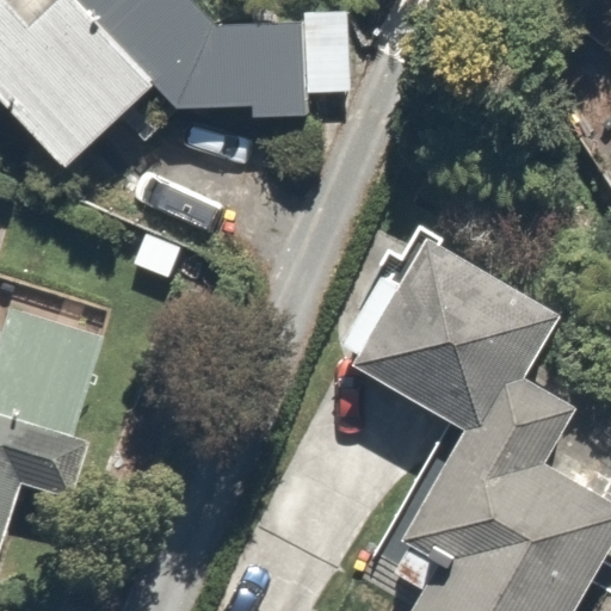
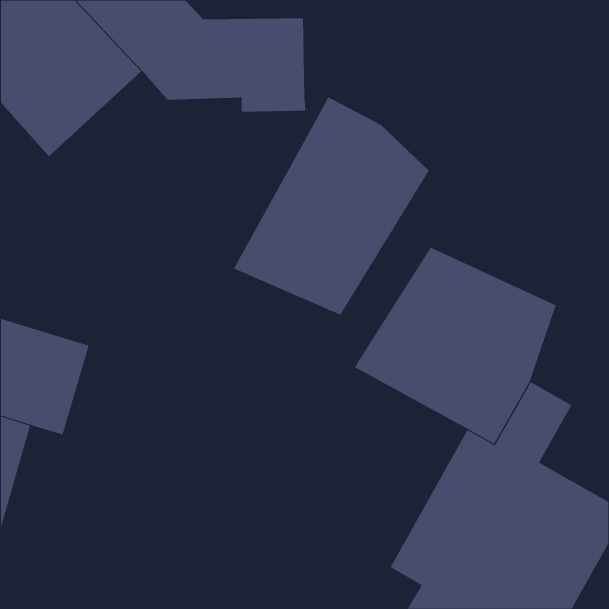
building: none -> [233,96,430,316]

